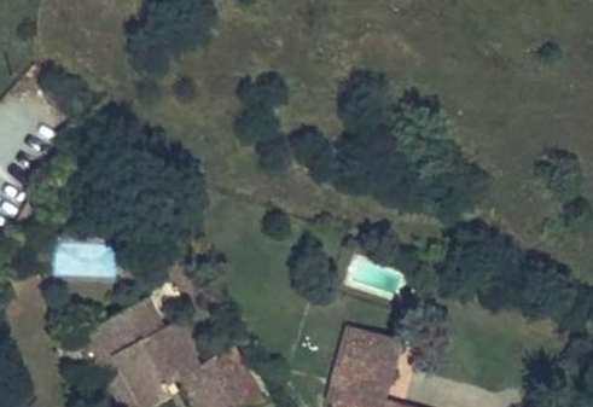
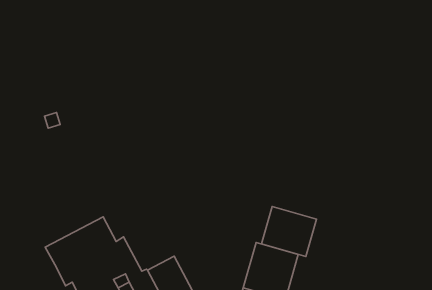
building: none -> [261,207,316,257]

